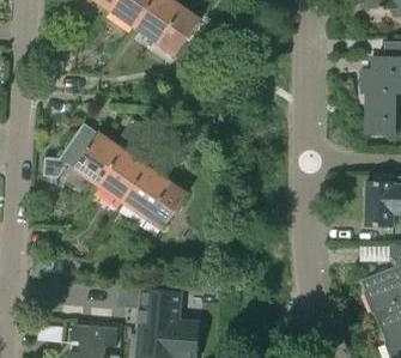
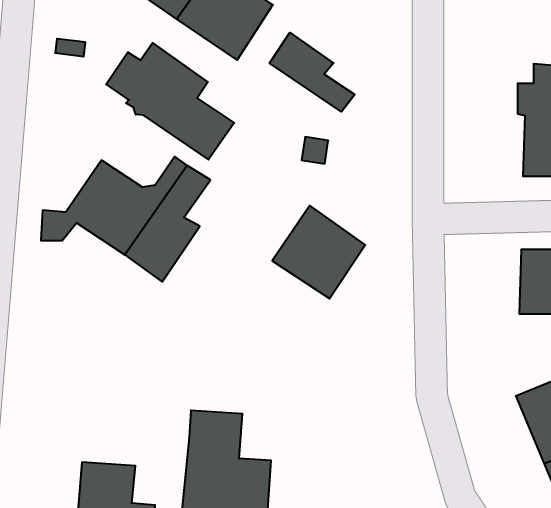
building: none -> [270,33,355,112]
building: none -> [106,43,234,160]
building: [124,168,187,230] -> [272,206,365,299]

